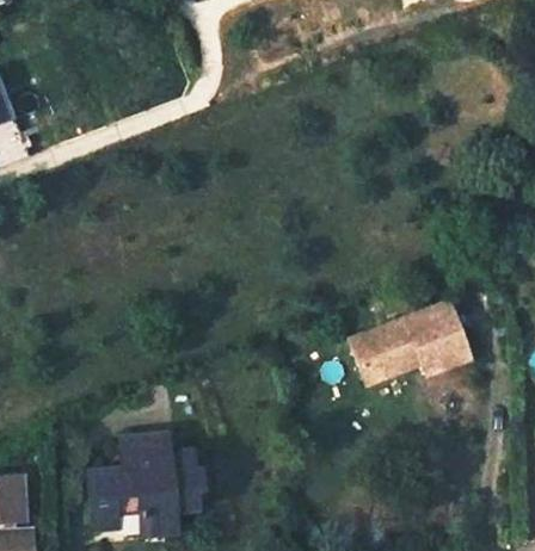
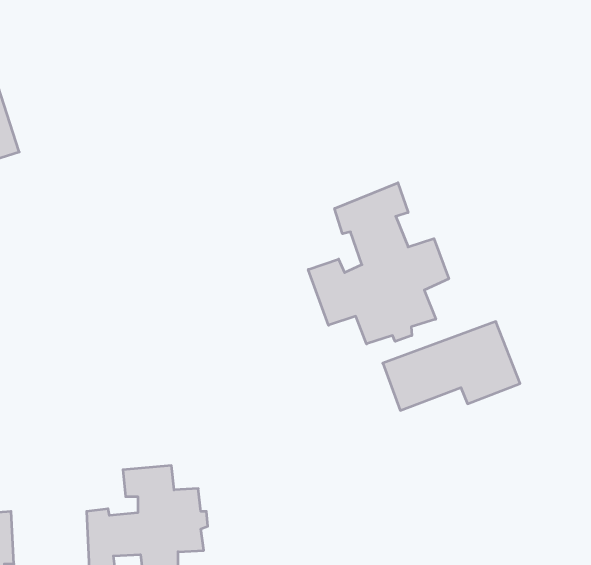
building: none -> [308,183,449,344]

